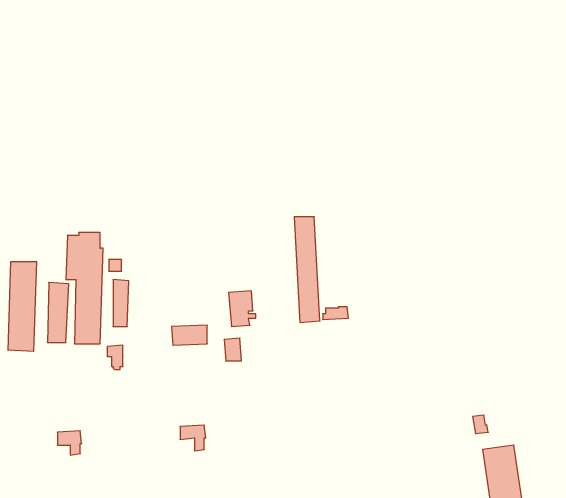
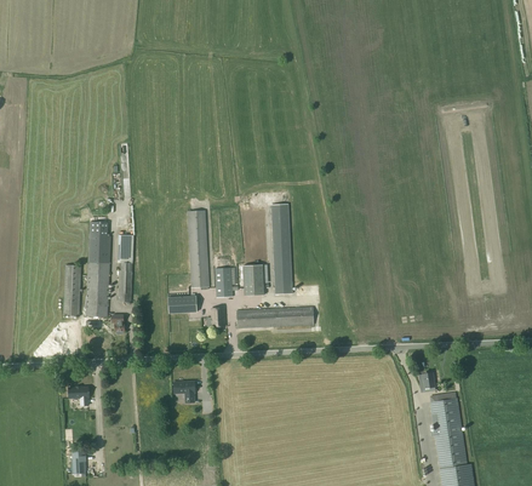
building: none -> [188,210,210,288]
building: [8,261,36,351] -> none
building: none -> [241,264,265,296]
building: none -> [238,307,315,327]

